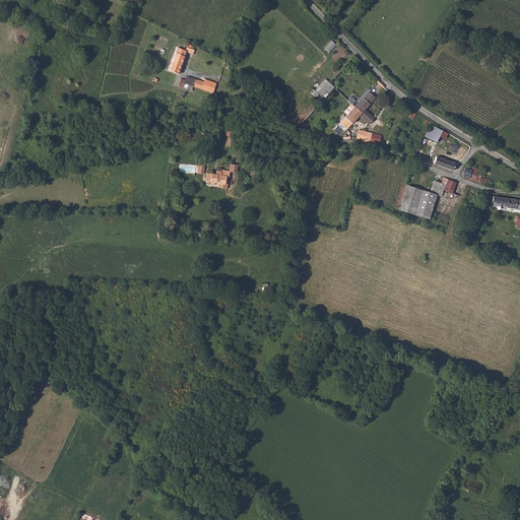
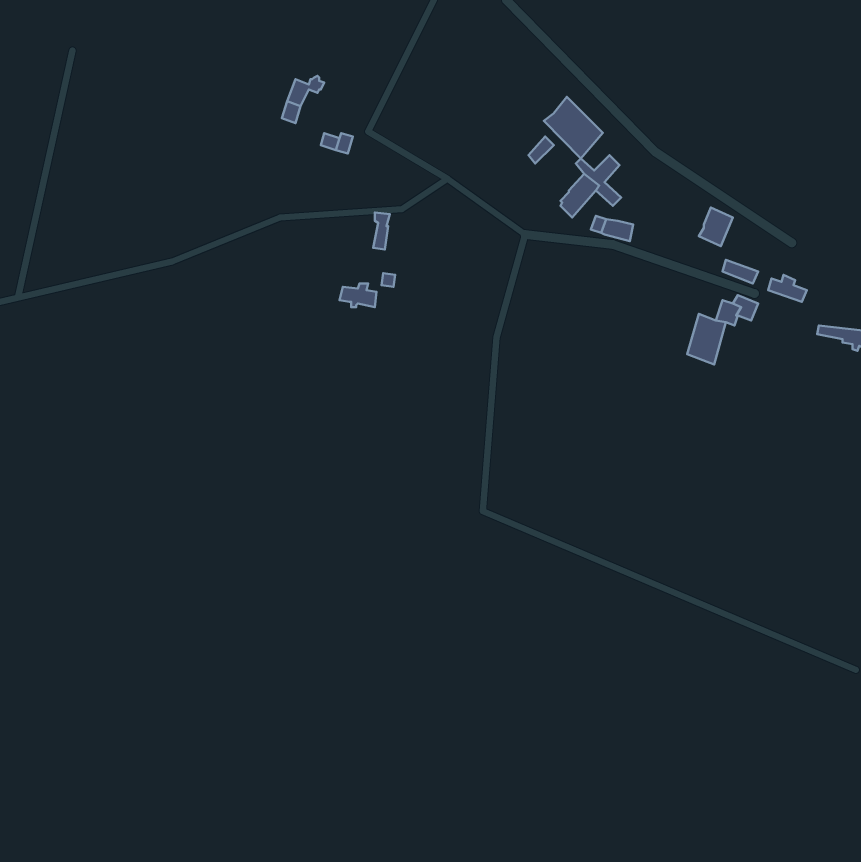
building: none -> [544,97,603,159]
building: [401,185,421,213] -> none

